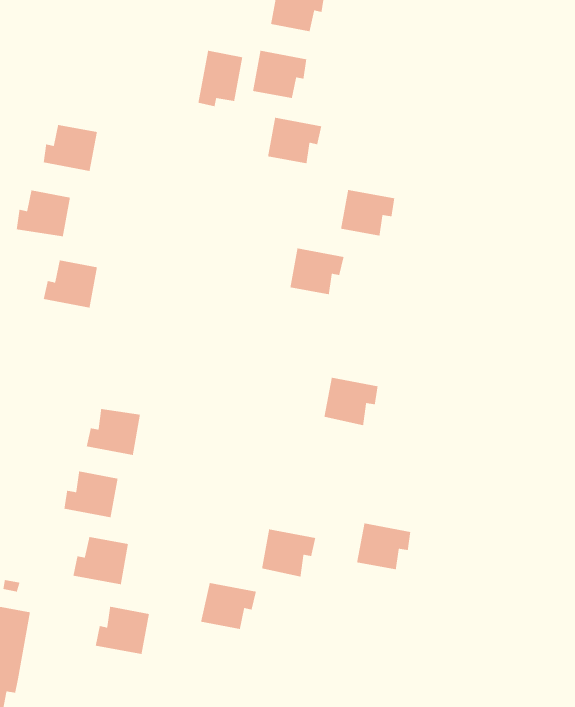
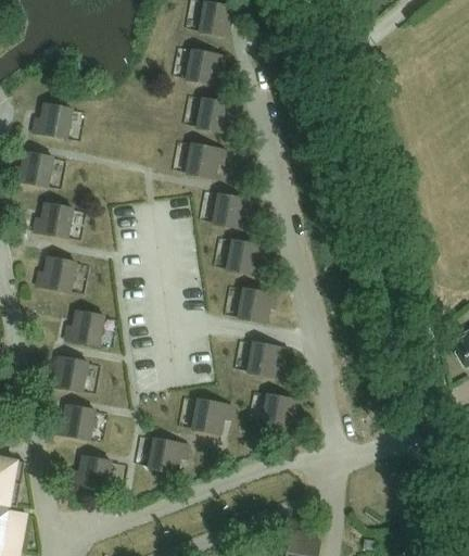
building: [198,50,243,107] -> none
building: [340,189,395,237] -> [186,143,226,178]
building: none -> [226,239,267,275]
building: none -> [36,256,76,291]
building: none -> [248,342,288,377]

